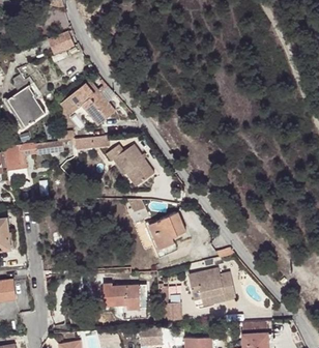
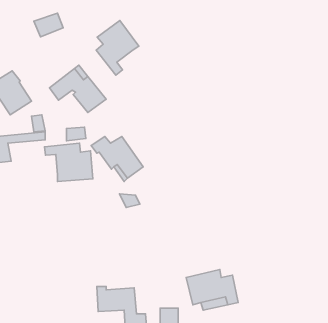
building: none -> [96,20,139,75]
building: none -> [45,143,93,182]
building: [149,213,187,248] -> none

